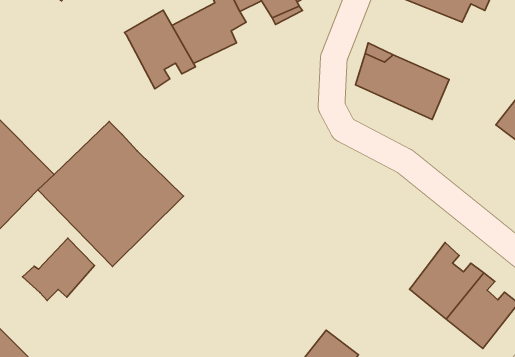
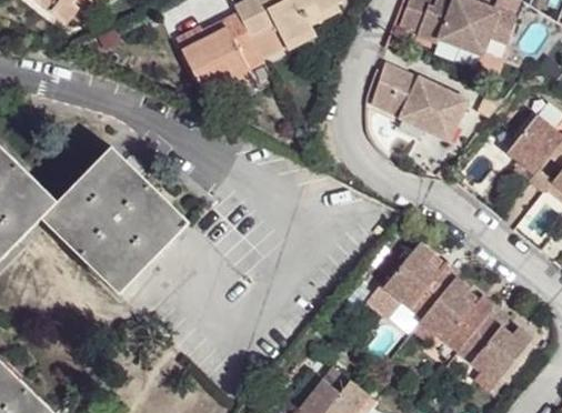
building: [125,10,195,89] -> none
building: none -> [388,241,463,319]
building: [23,238,95,300] -> none

